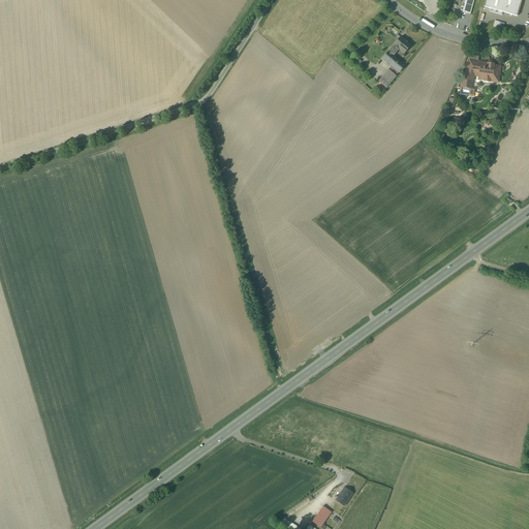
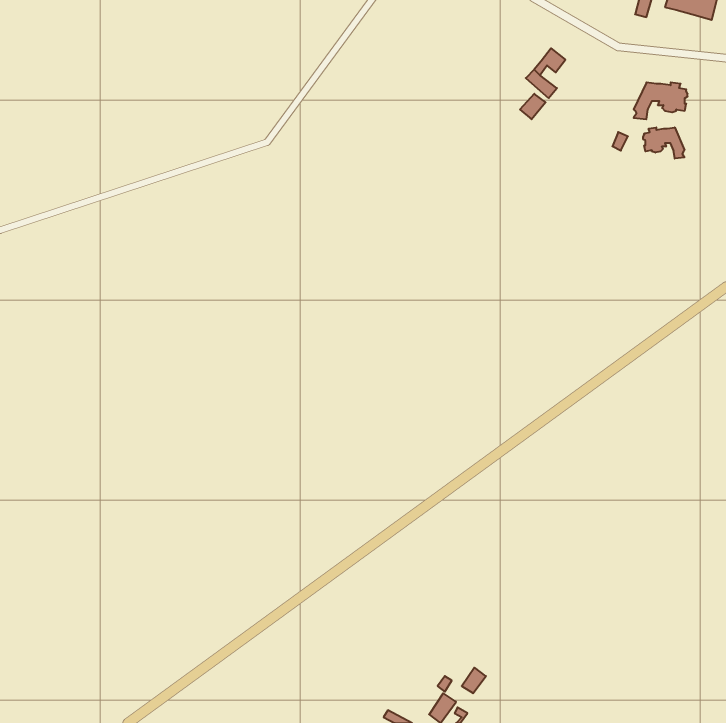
building: none -> [643,127,684,159]

